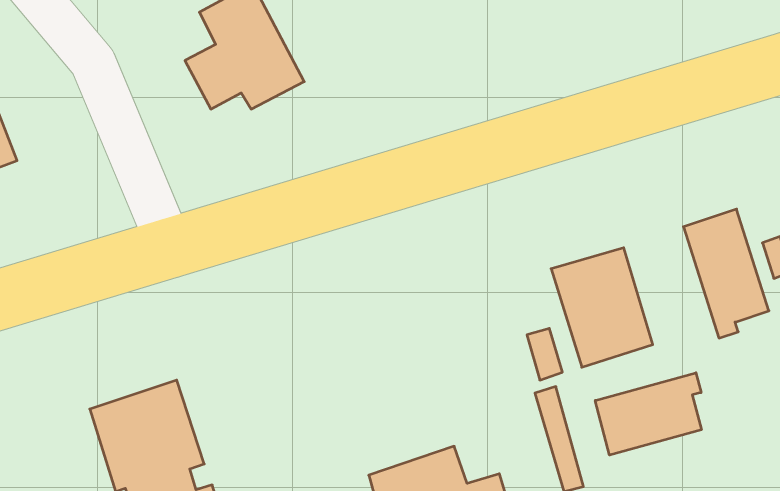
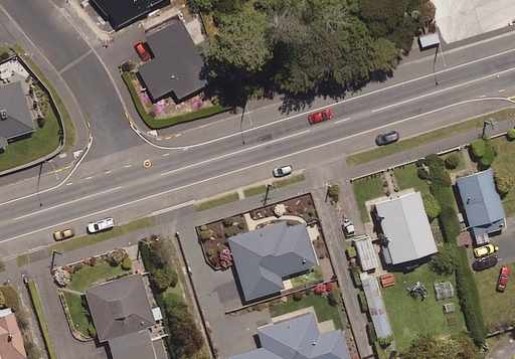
building: none -> [226,219,316,300]
building: [595,373,701,455] -> none

